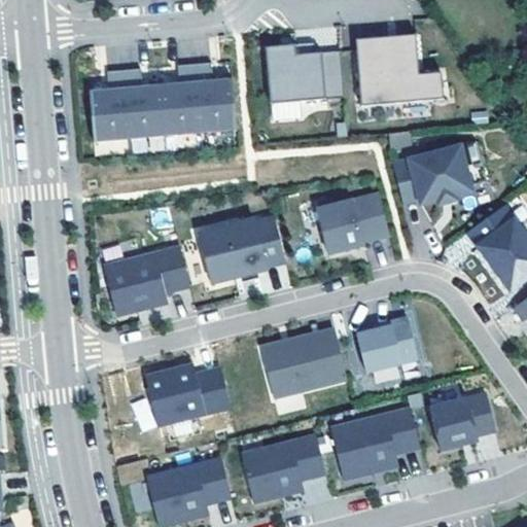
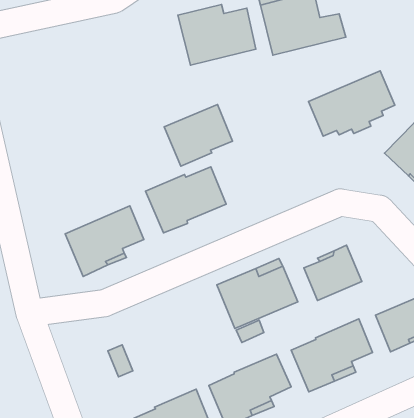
building: [90,62,236,140] -> none
building: [317,192,389,253] -> [164,105,233,166]
building: [145,363,231,425] -> none

